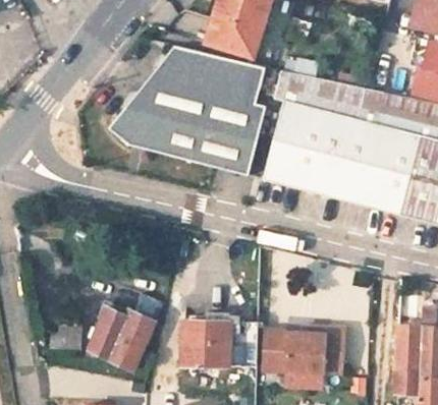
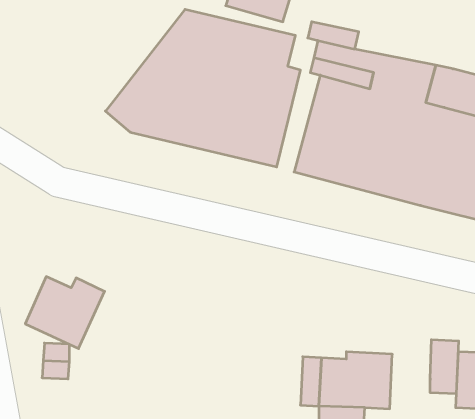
building: [89,309,154,368] -> [25,277,105,349]
building: none -> [430,340,459,394]
building: [180,322,255,365] -> none

